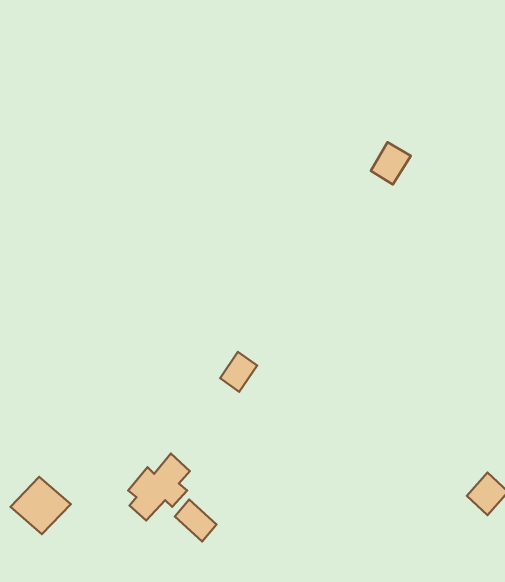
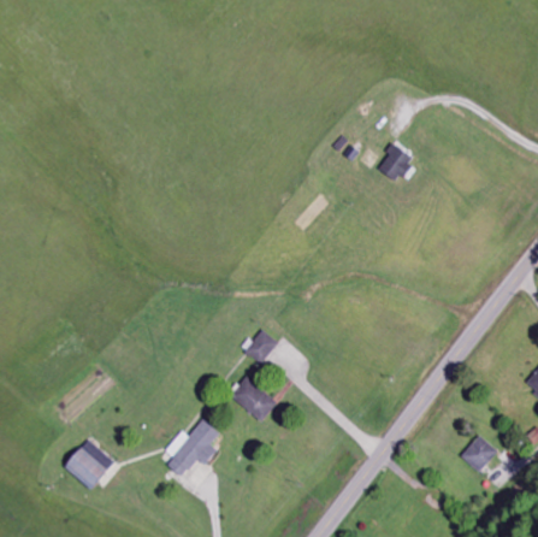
building: none -> [230,377,276,420]
building: [175,499,217,542] -> none

